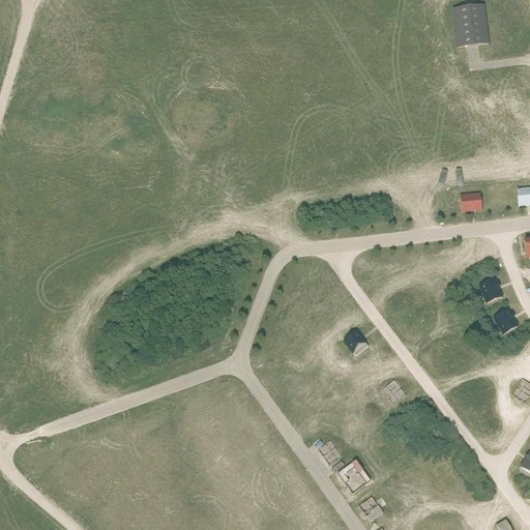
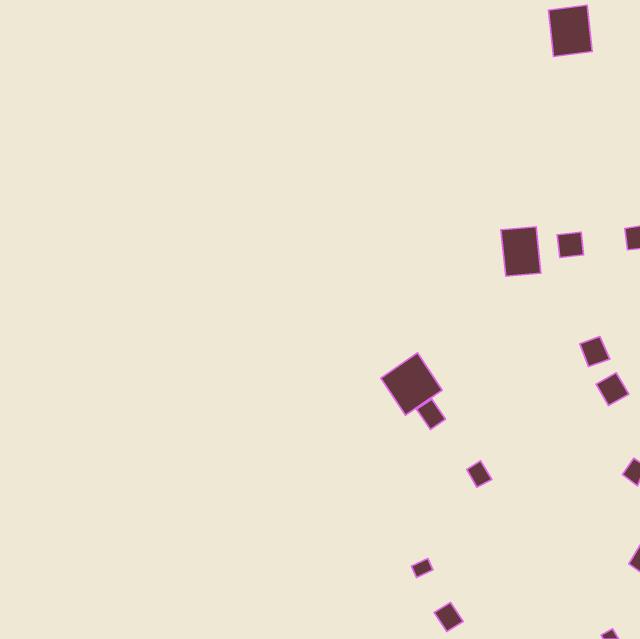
building: none -> [501,227,541,276]
building: none -> [381,353,442,415]

